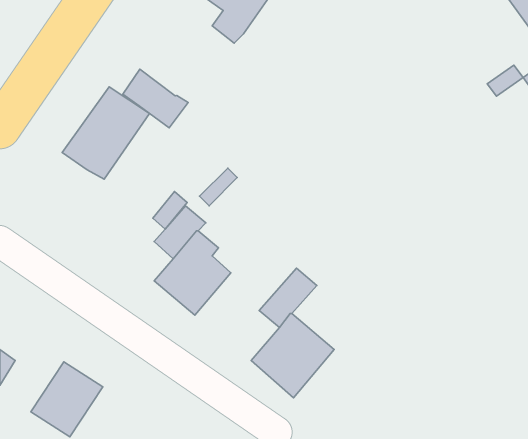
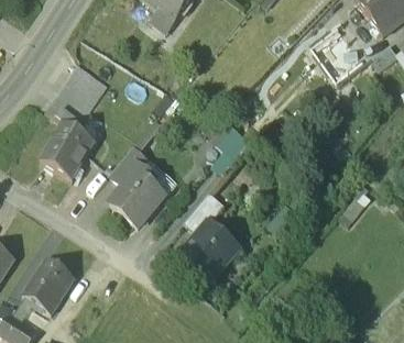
building: [123,69,188,128] -> none
building: none -> [40,122,95,179]

